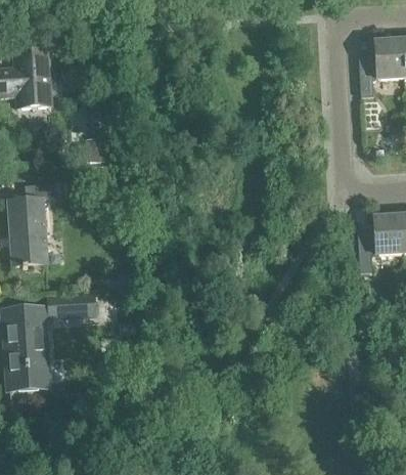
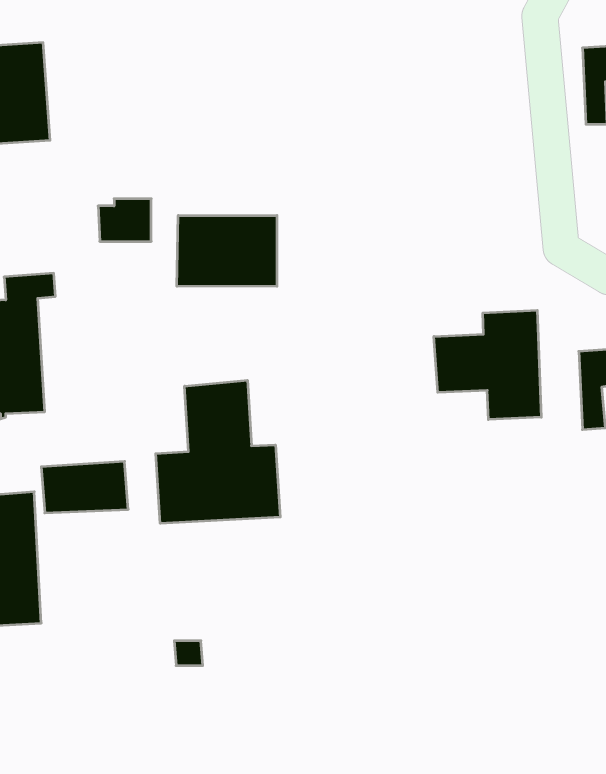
building: none -> [177,215,277,286]
building: none -> [434,310,541,420]
building: none -> [156,380,280,523]

